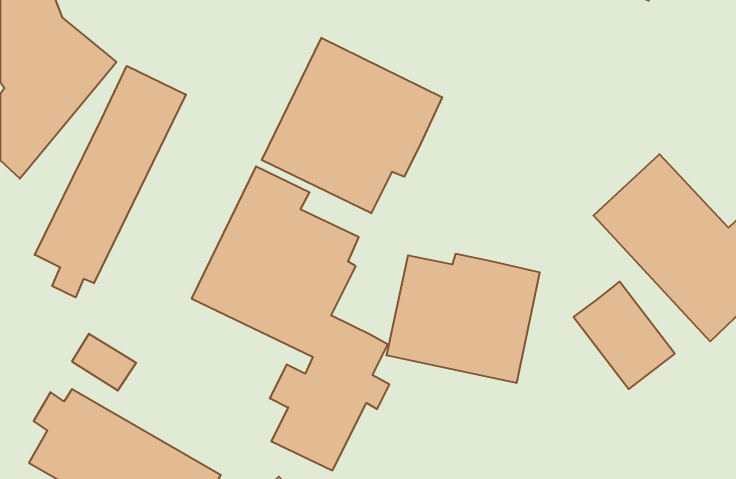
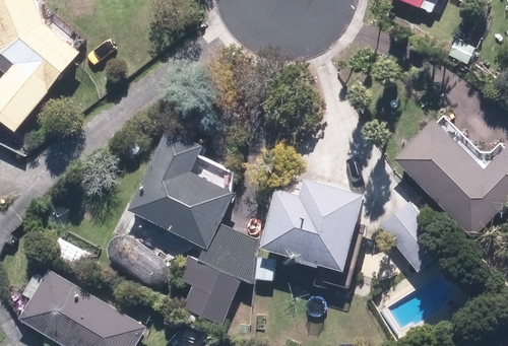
building: [262,38,442,213] -> none
building: [35,66,186,297] -> none

